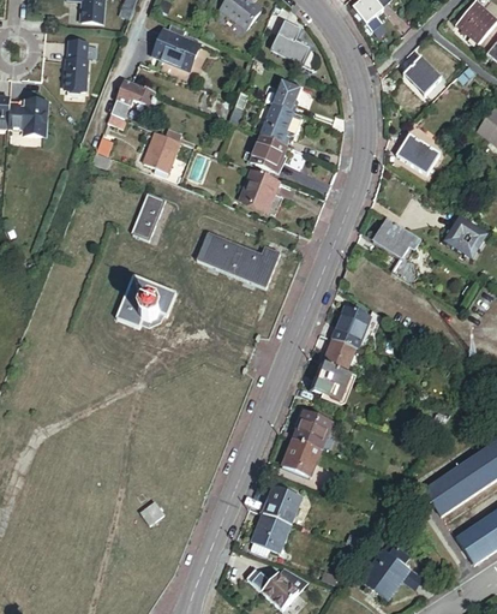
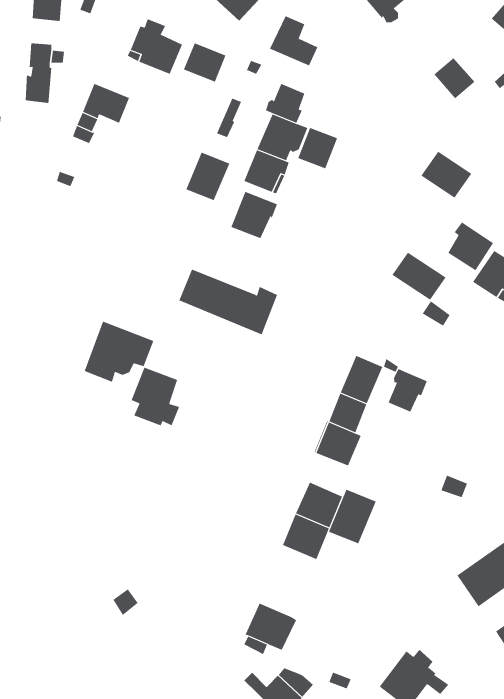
building: none -> [183,43,226,82]
building: none -> [297,127,338,169]
building: [142,130,179,171] -> [185,152,230,201]
building: [131,192,164,239] -> none
building: none -> [448,222,494,271]
building: none -> [131,367,180,426]
building: none -> [388,368,427,413]
building: none -> [328,489,376,544]
building: [263,485,301,523] -> none

